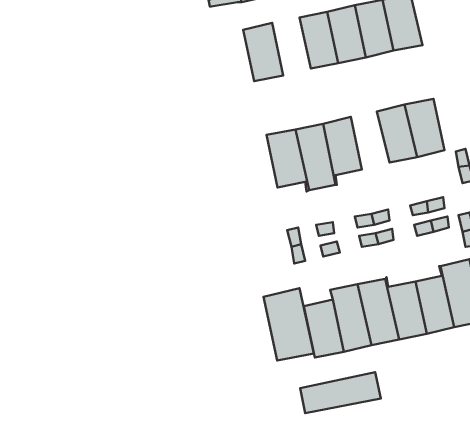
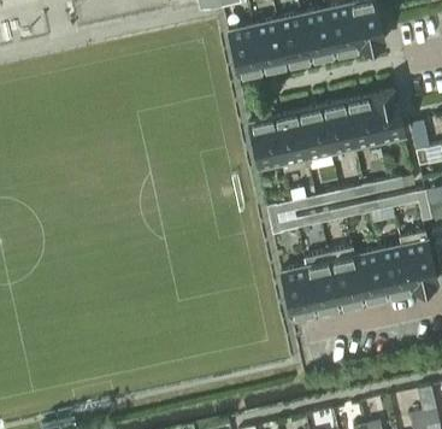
building: none -> [253,19,287,70]
building: none -> [322,101,355,152]
building: [263,288,314,361] -> none
building: [300,372,381,413] -> none

